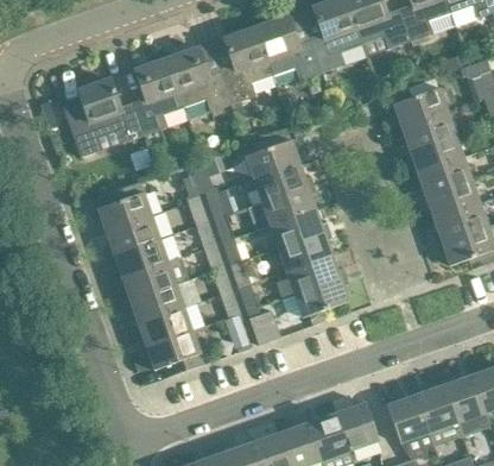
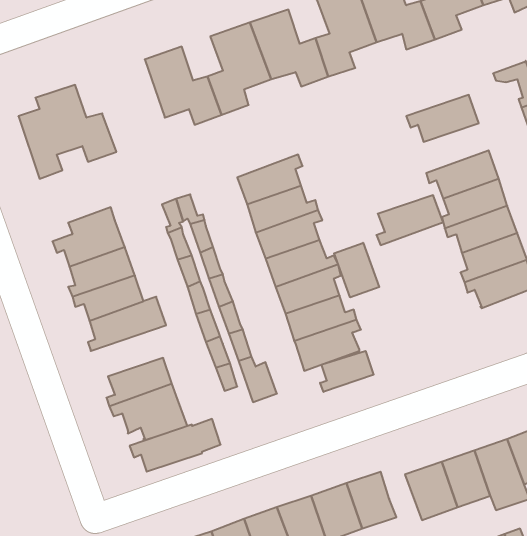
building: [133,57,185,134] -> none
building: [400,111,456,152] -> [376,195,443,245]
building: none -> [334,243,379,297]
building: [124,278,200,322] -> [130,419,221,472]
building: none -> [320,351,374,392]

